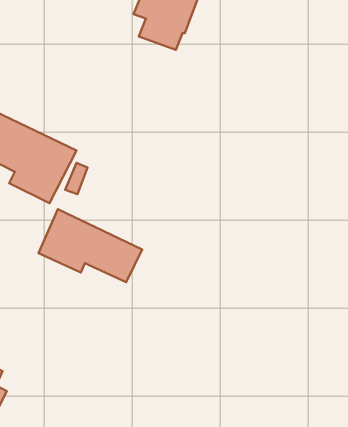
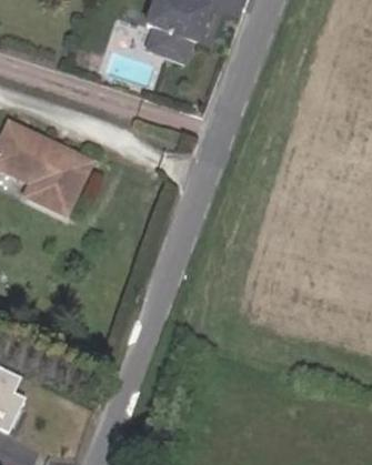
building: [39,209,142,282] -> none

